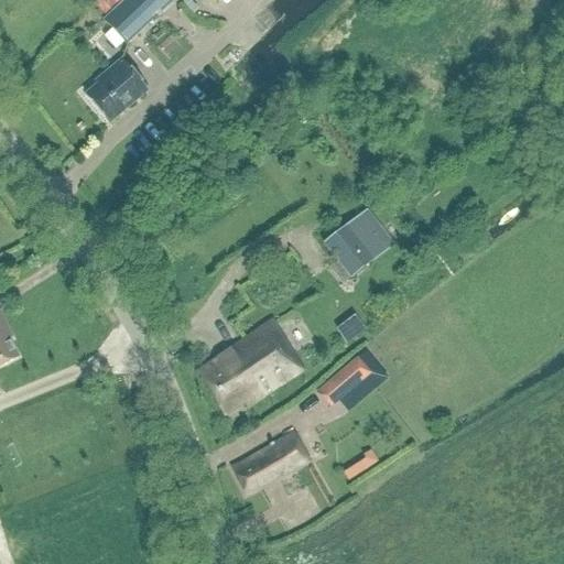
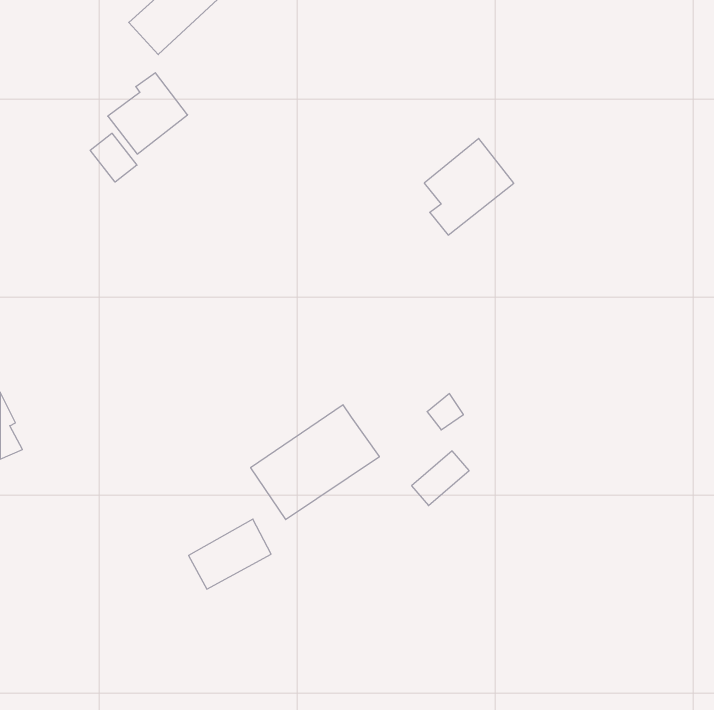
building: none -> [90,133,137,182]
building: [324,206,394,282] -> [424,138,514,235]
building: [234,436,299,491] -> [189,519,271,589]

